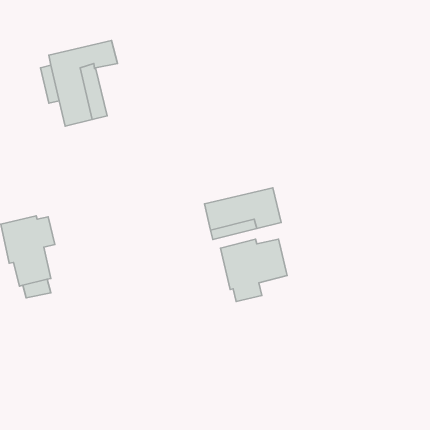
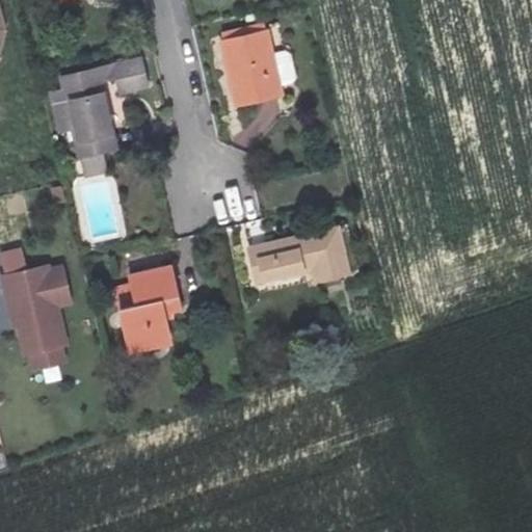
building: none -> [225,31,280,102]
building: none -> [114,276,175,361]
building: [220,239,287,301] -> none

